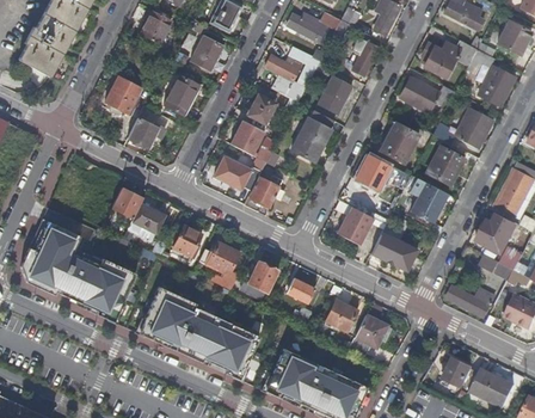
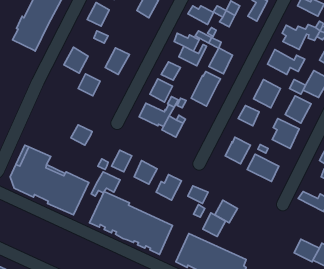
building: [185,33,220,70] -> none
building: [350,36,377,75] -> none
building: [122,204,165,240] -> [91,172,120,196]
building: [352,314,386,349] -> [203,213,225,236]

